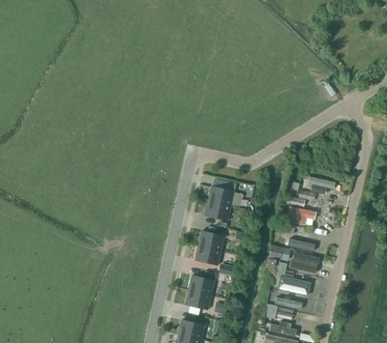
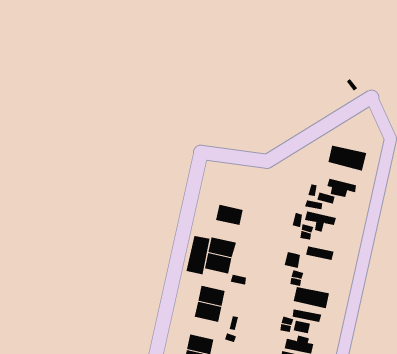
building: none -> [328,145,367,171]
building: [208,181,235,205] -> none
building: none -> [186,235,210,275]
building: [291,253,320,275] -> none

